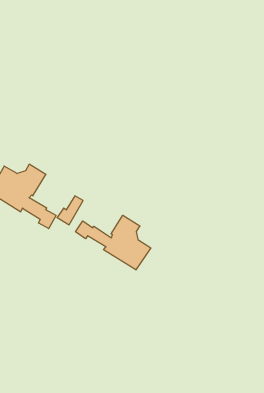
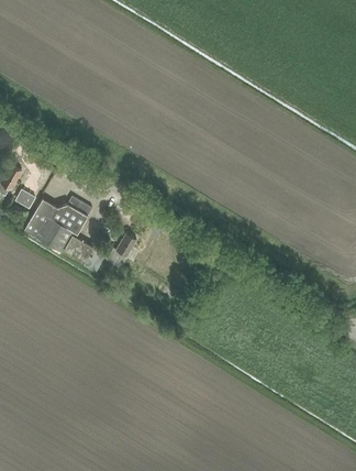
building: [76,215,151,270] -> none

